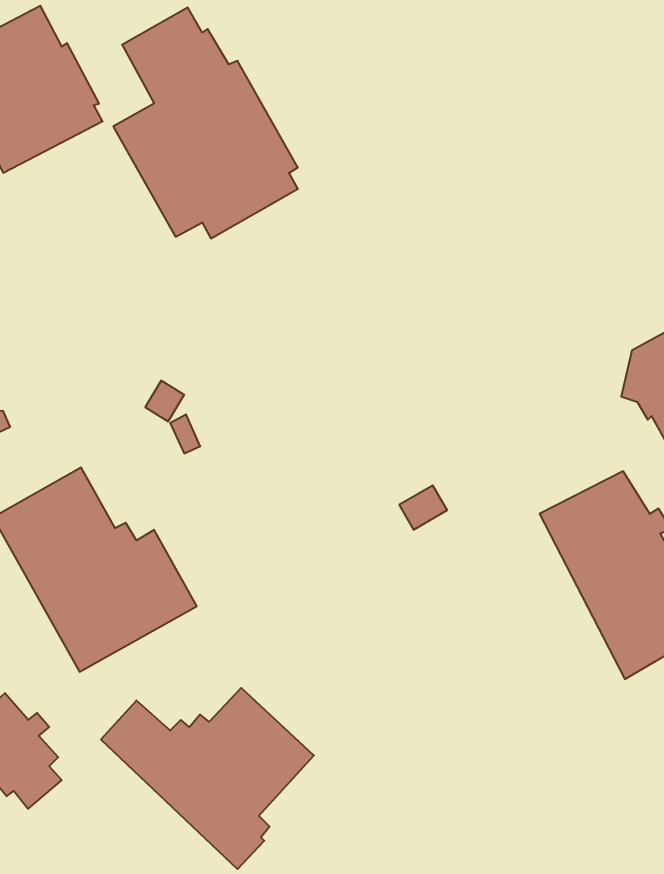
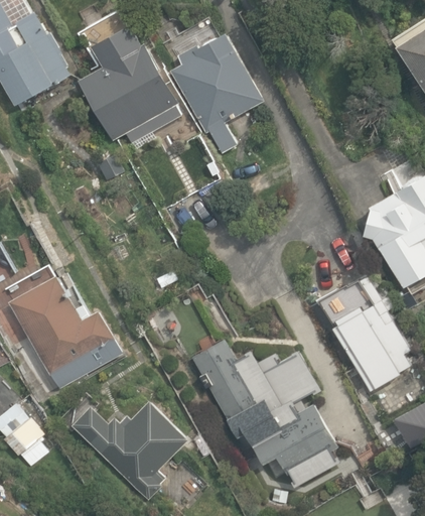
building: none -> [168,32,264,155]
building: none -> [187,339,346,489]

